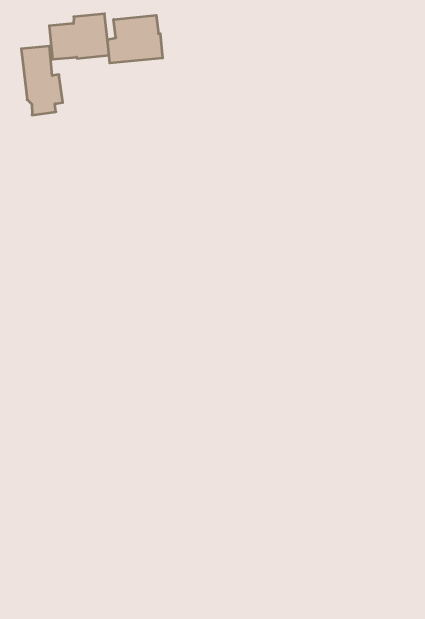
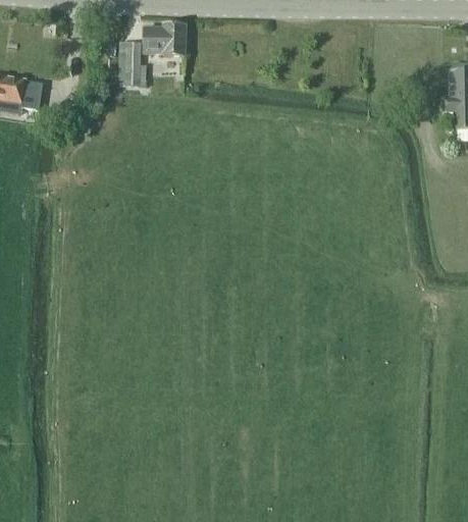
building: [107,15,163,63] -> none

